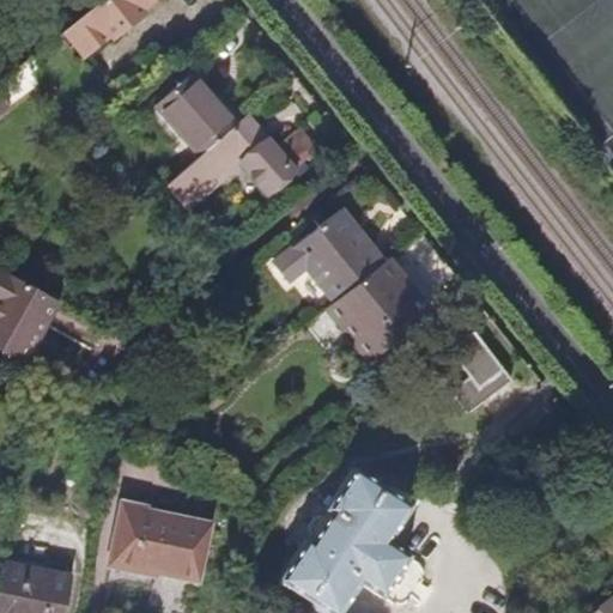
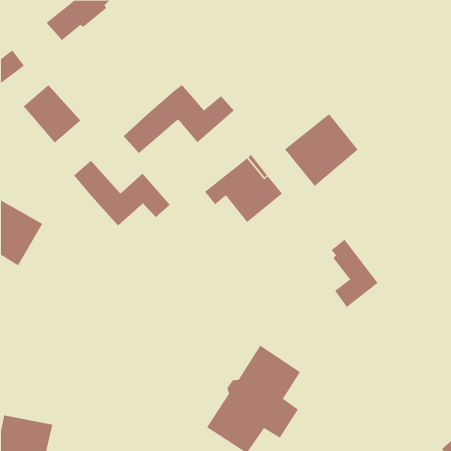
building: [157,75,236,156] -> [23,84,81,144]
building: none -> [73,160,171,226]
building: [328,260,429,359] -> [284,113,359,187]
building: [109,505,211,583] -> none

